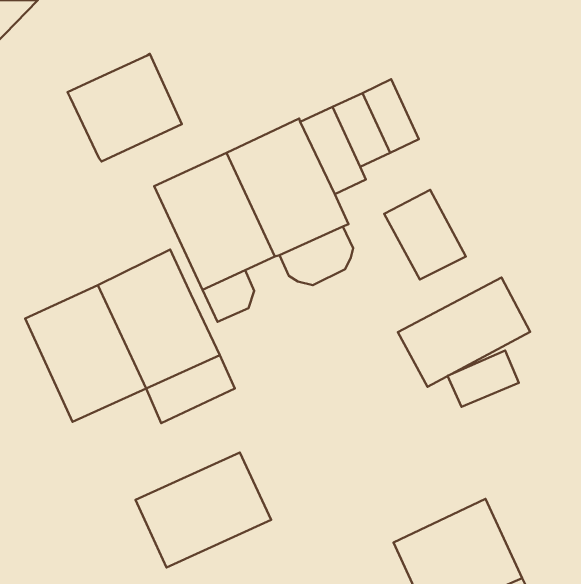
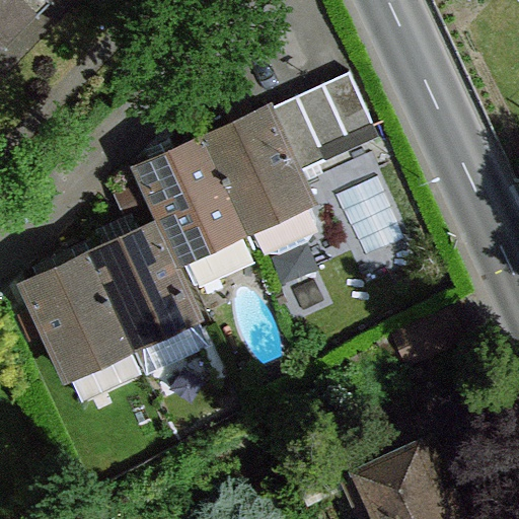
building: [67,54,182,162] -> none
building: [398,278,530,387] -> none
building: [135,452,271,567] -> none

